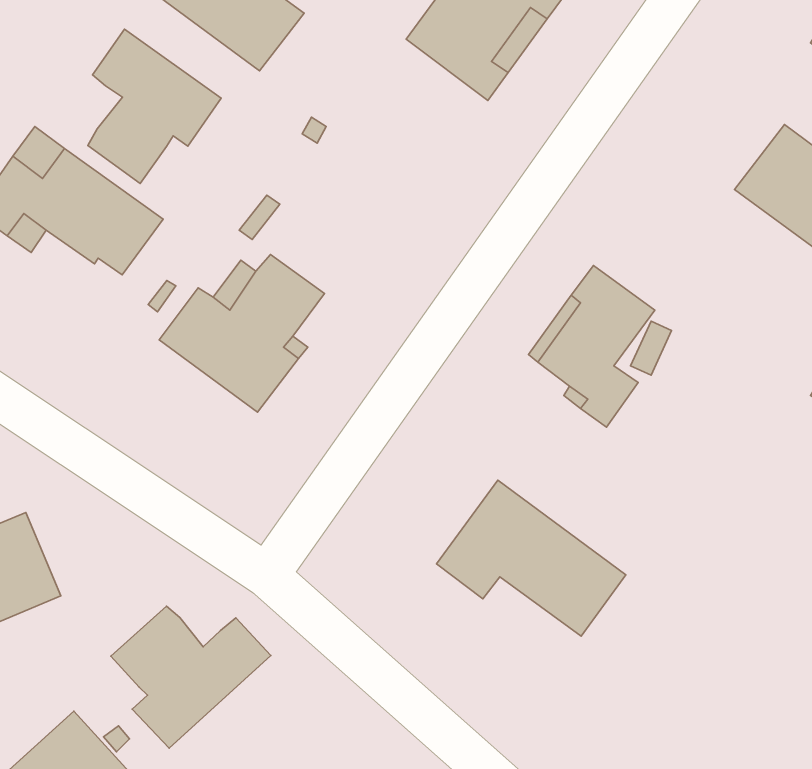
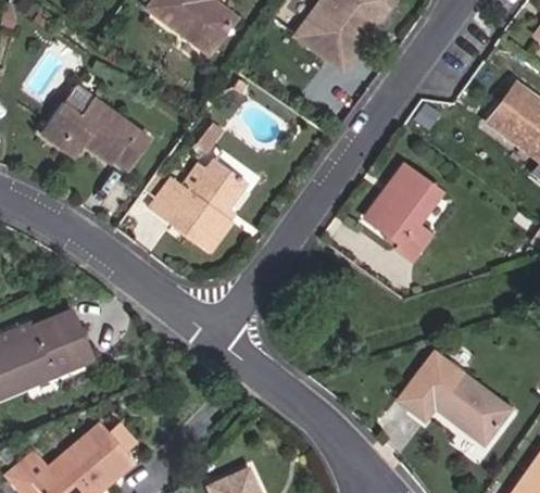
building: [88,29,221,184] -> none
building: [437,480,626,636] -> [398,352,508,443]
building: [111,606,271,748] -> none

